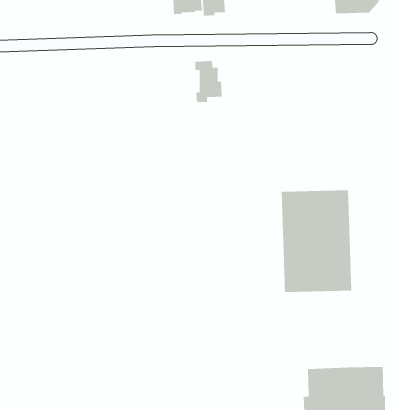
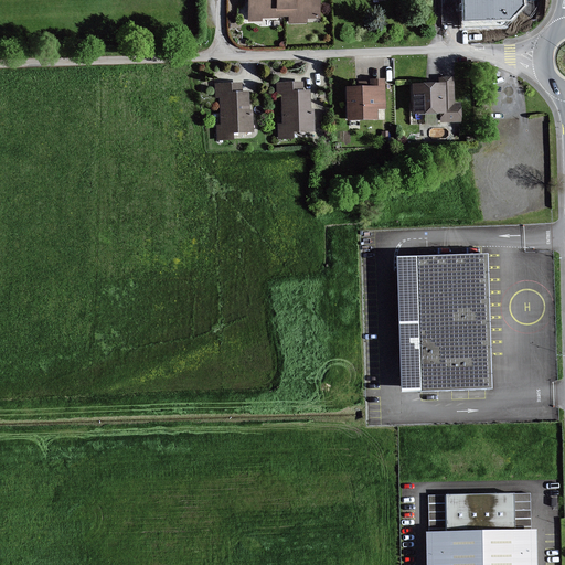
building: none -> [413,77,461,120]
building: none -> [348,79,385,120]
building: none -> [217,83,254,139]

